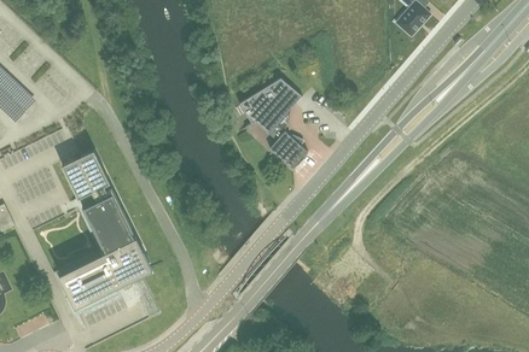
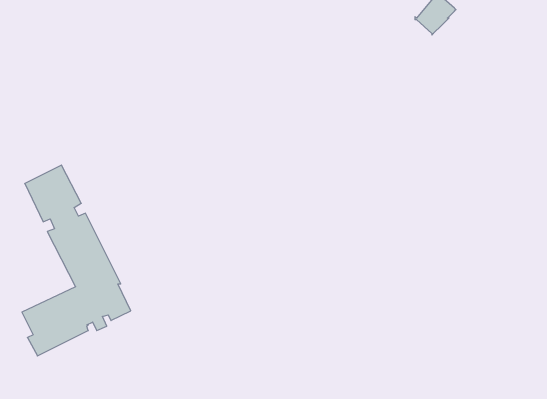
building: [238,78,307,169] -> none

